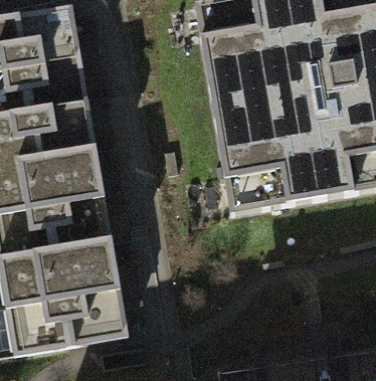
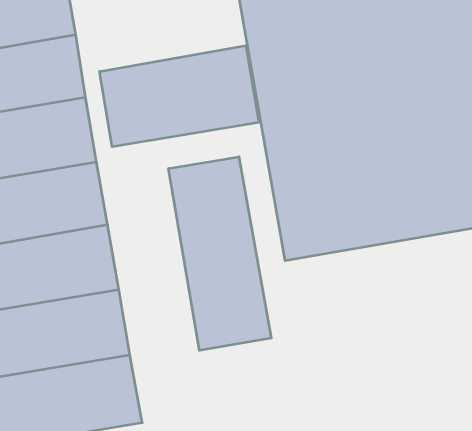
building: none -> [100,45,259,147]
building: none -> [169,157,271,350]

